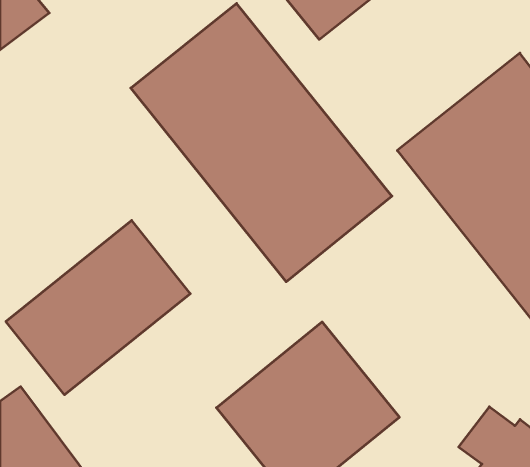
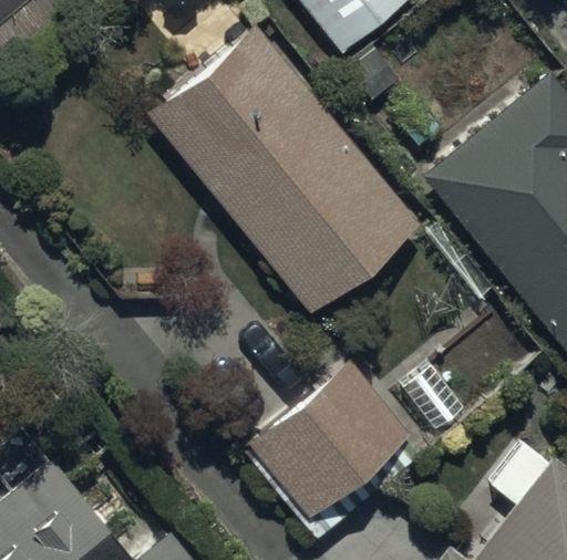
building: [6,220,190,395] -> none

